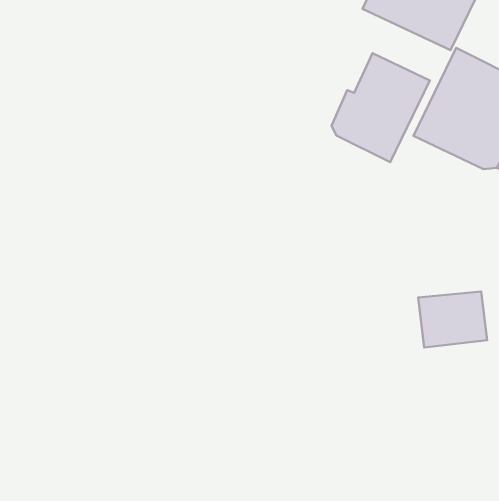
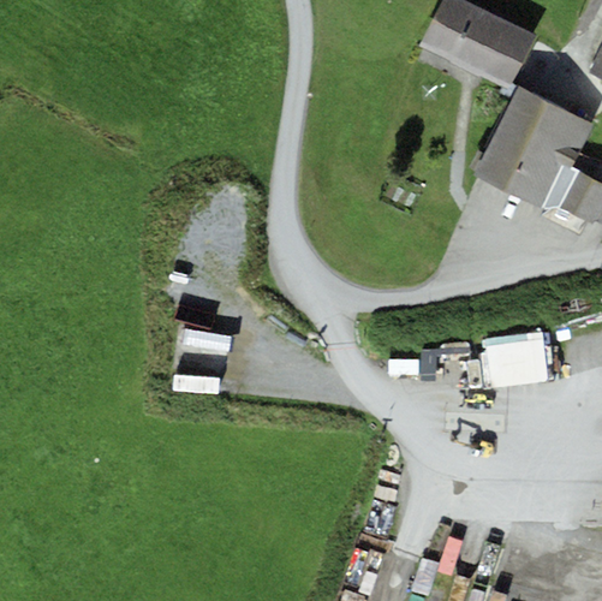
building: [332,53,430,162] -> none

